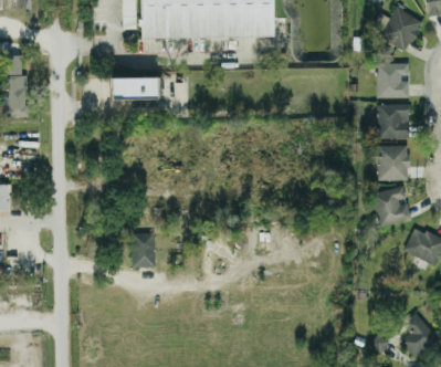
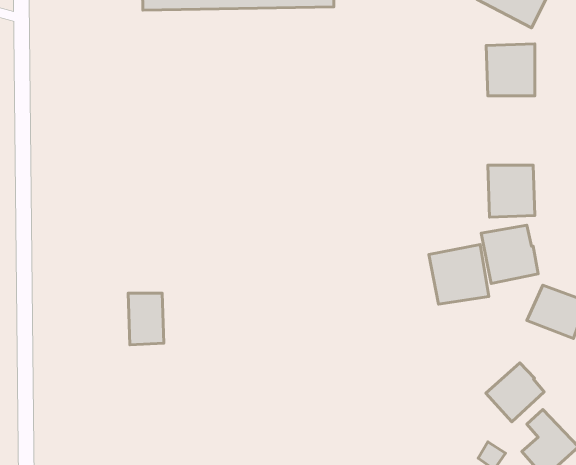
building: [111,77,158,101] -> none
building: [377,104,409,139] -> none
building: none -> [429,244,489,304]
building: none -> [486,363,544,422]

